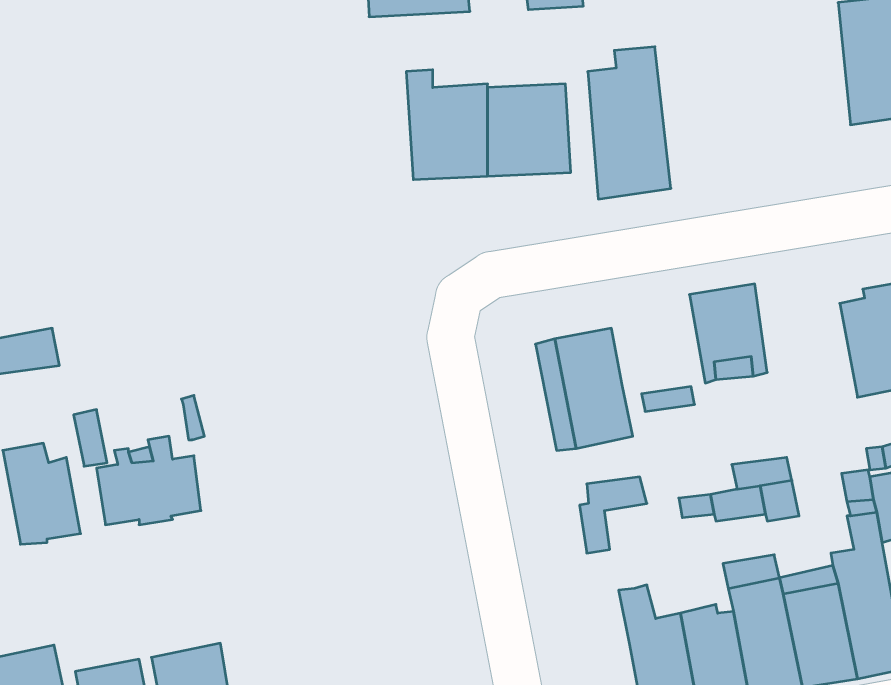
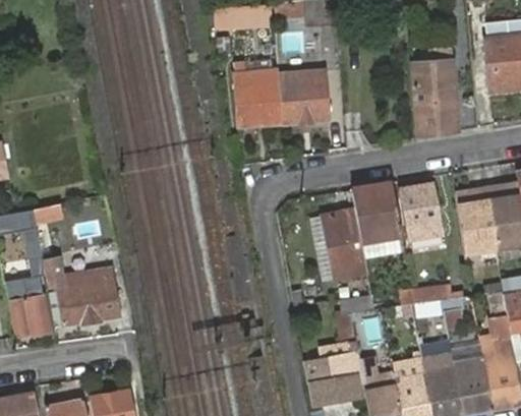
building: [588,47,671,199] -> [412,49,460,136]
building: none -> [350,183,400,242]
building: none -> [455,192,496,254]
building: none -> [308,340,364,405]

